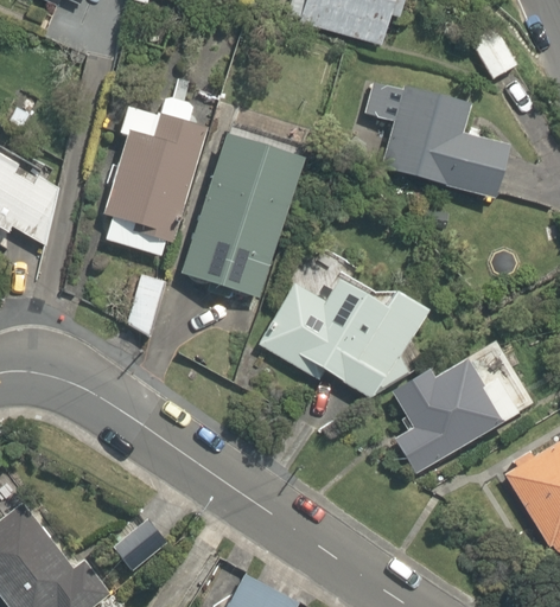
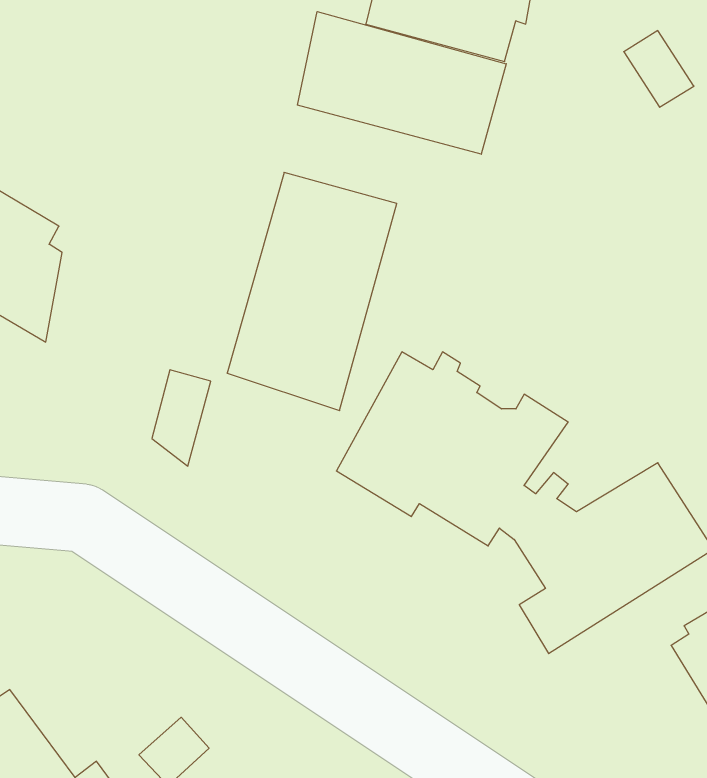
building: none -> [297,12,506,154]
building: [369,85,507,199] -> none
building: [103,95,206,257] -> none

